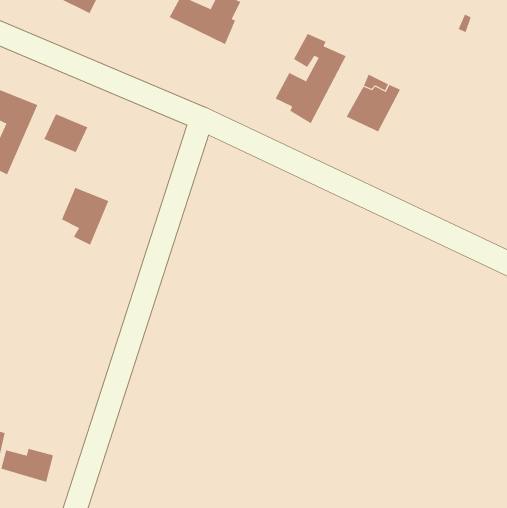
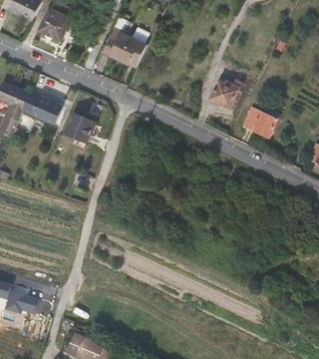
building: [275,33,346,124] -> none
building: none -> [242,108,277,138]
building: [61,187,109,245] -> [66,114,94,148]

